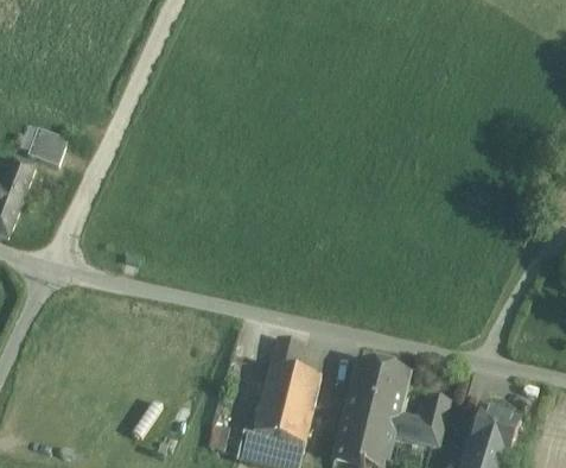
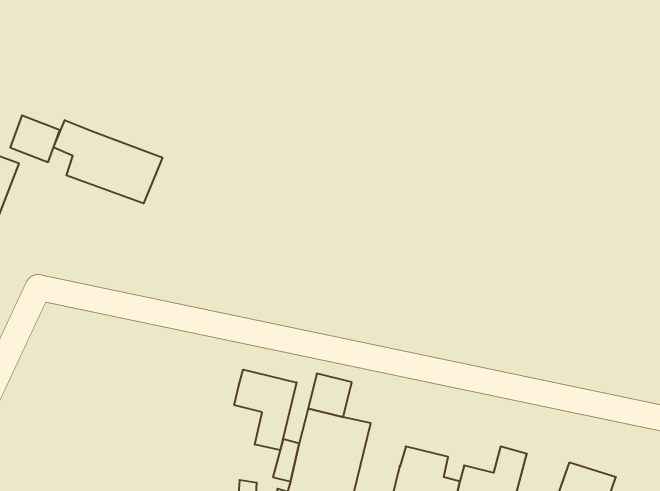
building: none -> [54,120,162,203]
building: none -> [234,370,297,450]
building: [350,359,407,423] -> none

